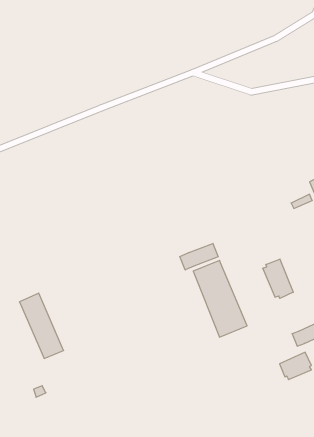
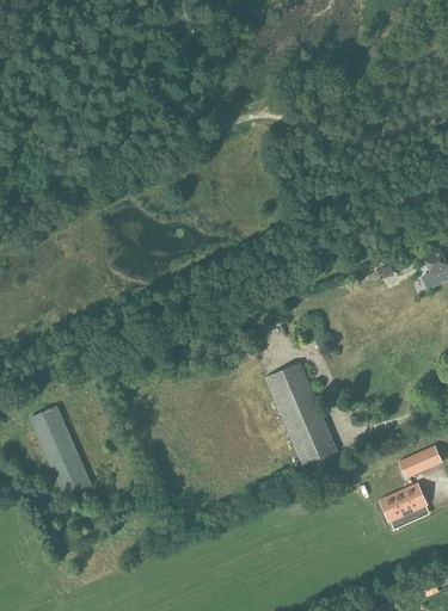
building: [180,243,218,270] -> none
building: [263,259,293,298] -> none

